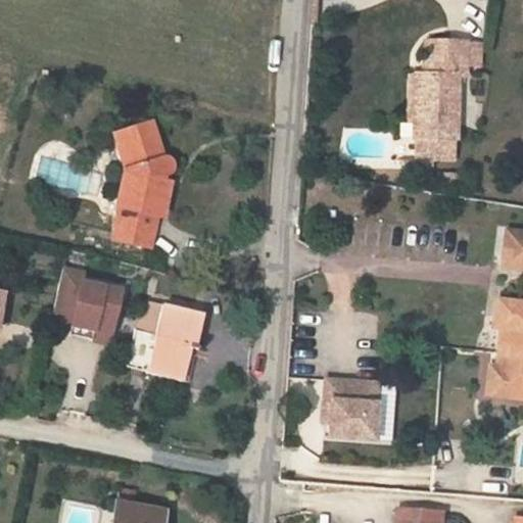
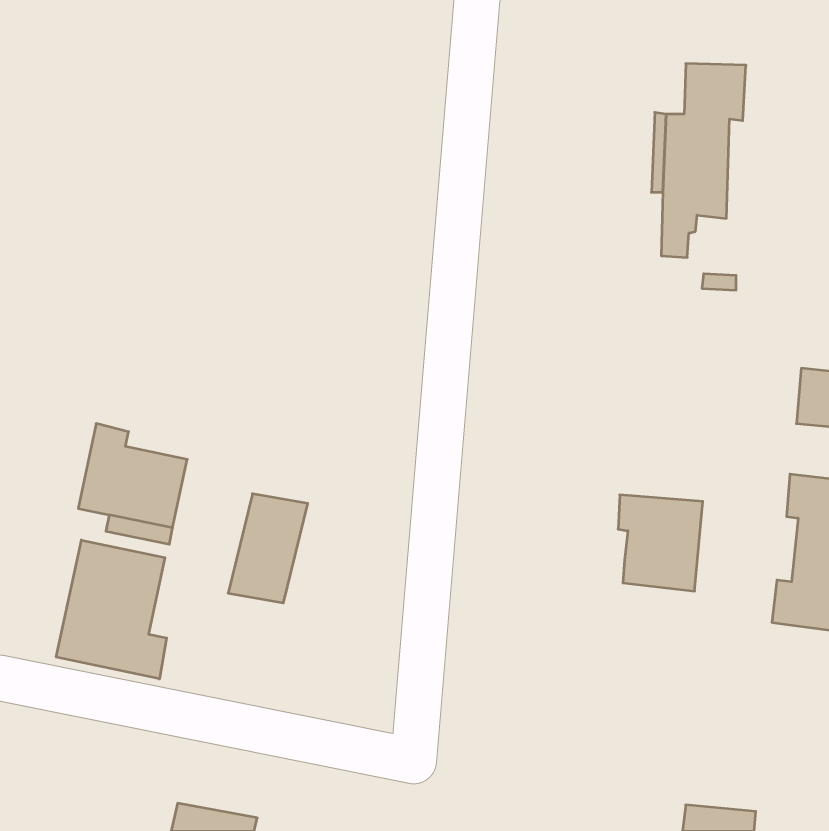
building: [121,126,178,242] -> none
building: none -> [56,540,167,679]
building: [330,382,383,442] -> [618,495,703,591]

